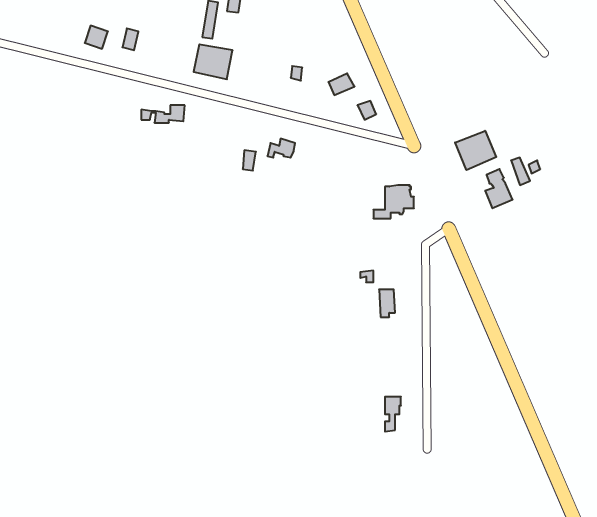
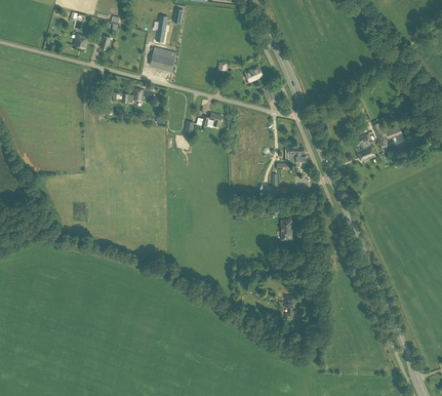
building: [455,131,496,170] -> none

